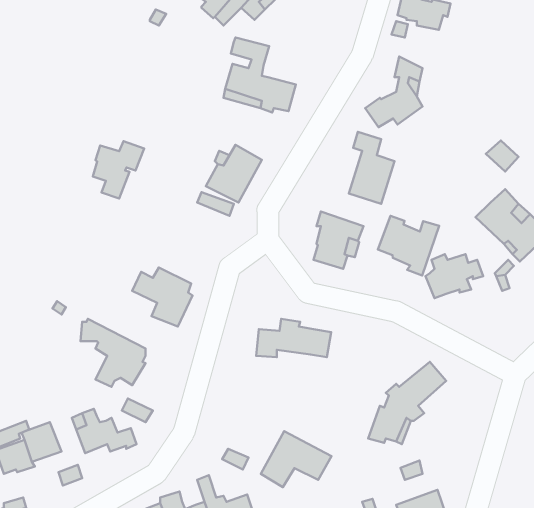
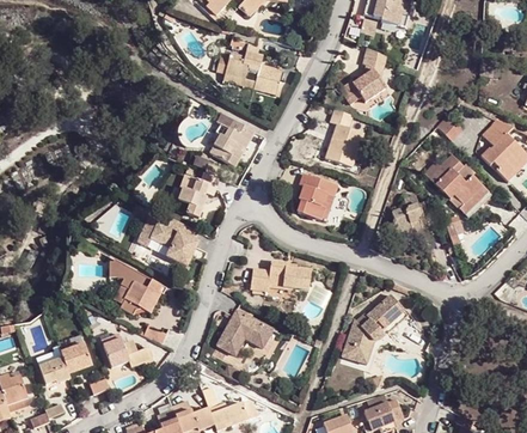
building: [93,141,144,199] -> [178,171,220,218]
building: [378,216,439,276] -> none
building: [261,431,331,487] -> [216,309,274,354]

